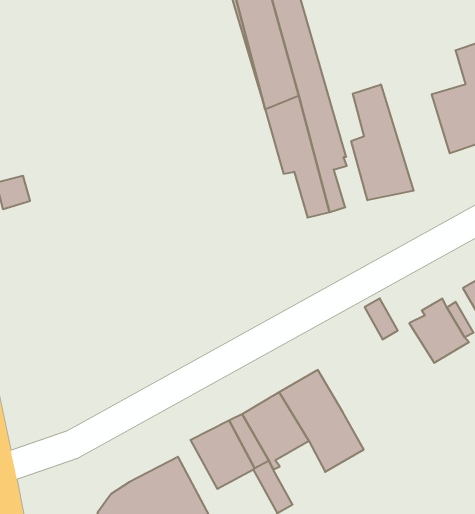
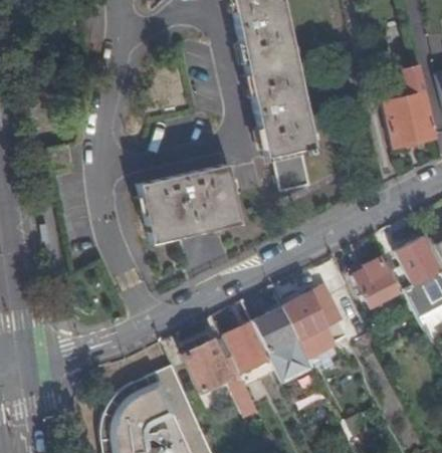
building: [351,84,414,200] -> none
building: none -> [141,163,241,242]
building: none -> [284,284,343,338]

